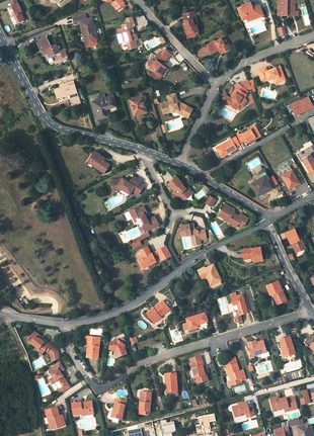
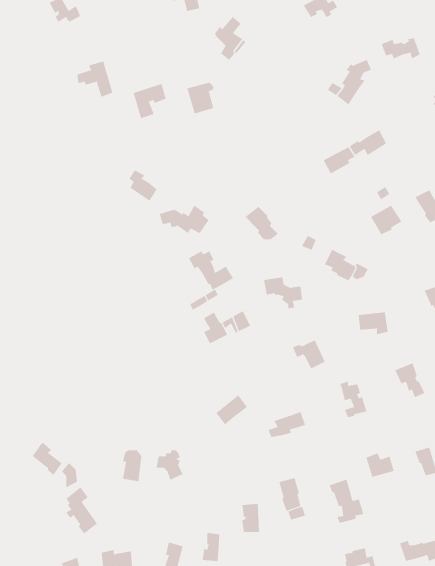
building: [161,92,193,116] -> none

